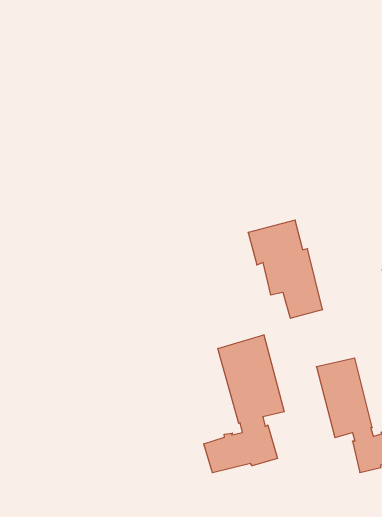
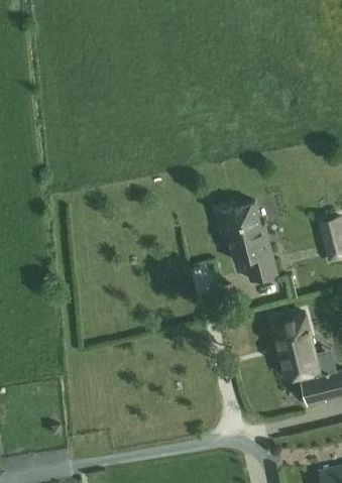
building: [204,335,284,473] -> none

